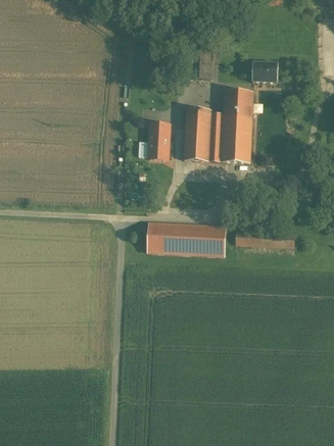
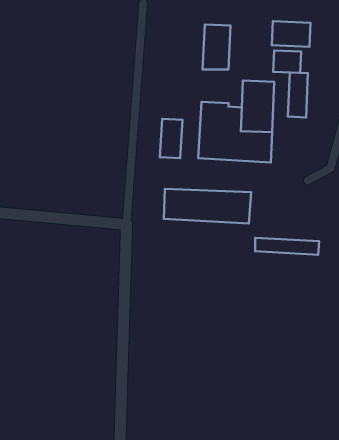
building: none -> [272,21,311,47]
building: none -> [288,72,308,117]
building: [147,224,227,255] -> [164,189,251,223]

